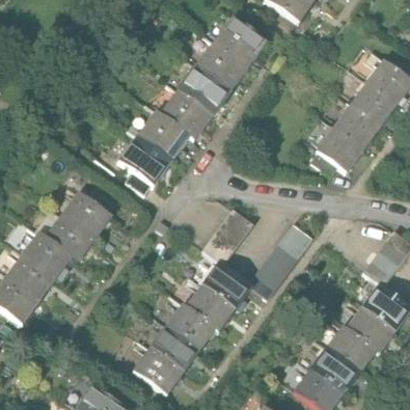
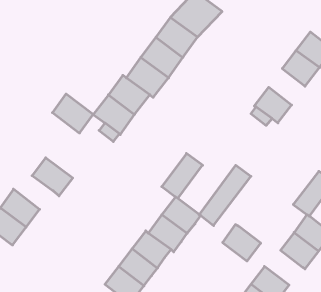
building: [333,106,378,151] -> none
building: [60,192,110,240] -> [52,94,93,133]
building: [21,231,70,278] -> none
building: [328,326,375,371] -> [223,225,261,261]

